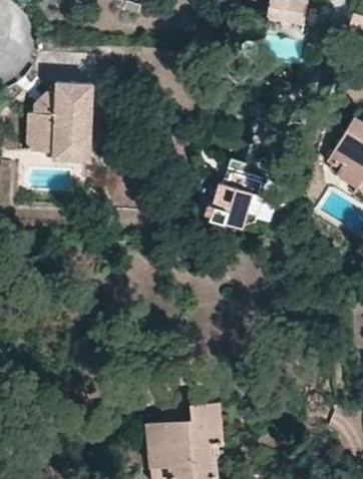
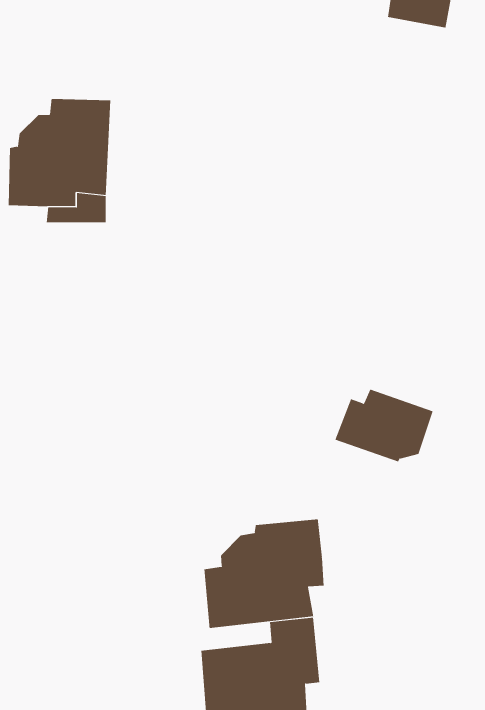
building: [201,182,263,228] -> [335,389,433,462]
building: none -> [204,519,324,629]

